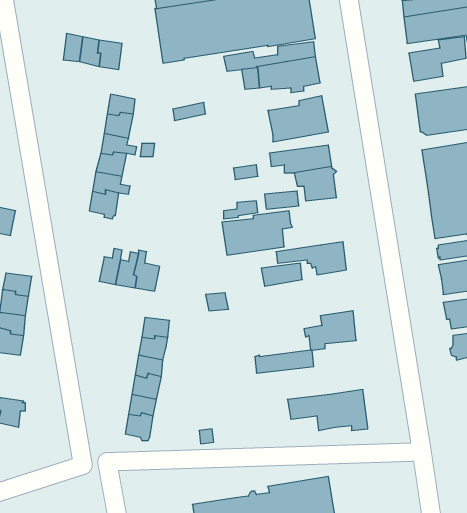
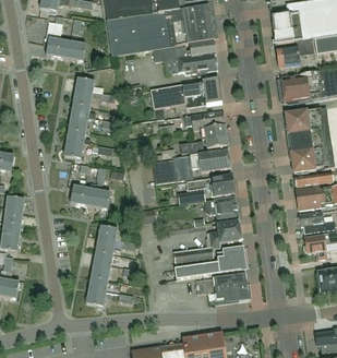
building: none -> [149,84,185,109]
building: none -> [196,150,230,171]
building: none -> [205,196,238,219]
building: none -> [174,248,245,279]

